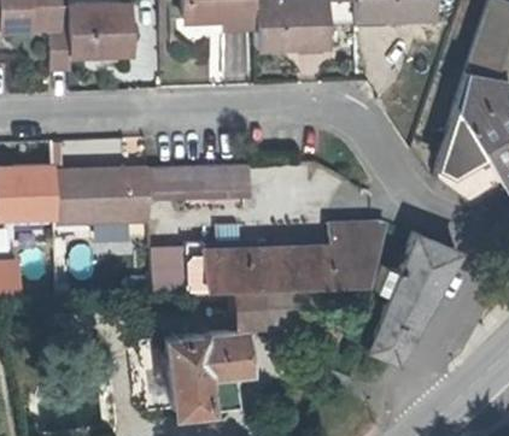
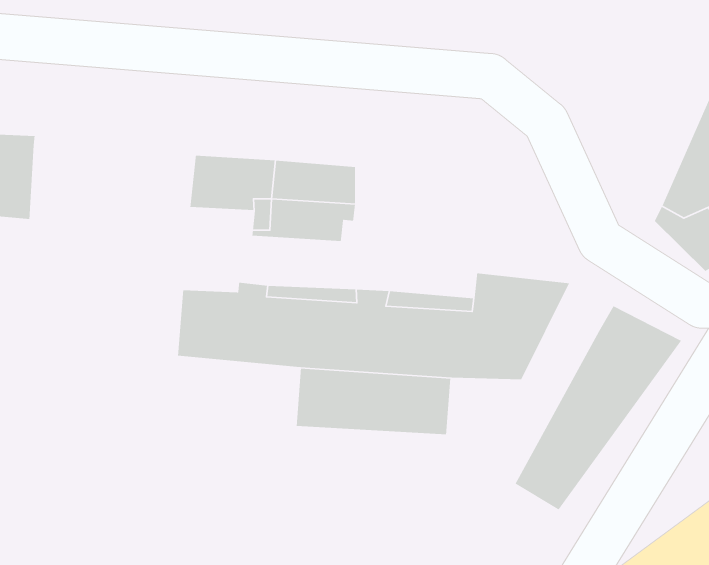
building: [52,171,148,224] -> none
building: [166,330,244,408] -> none

